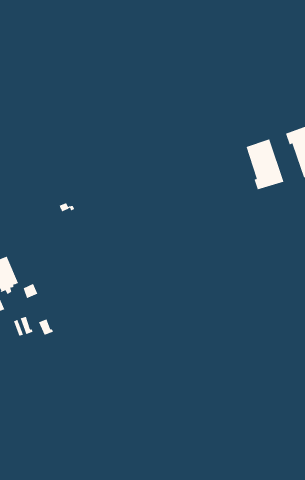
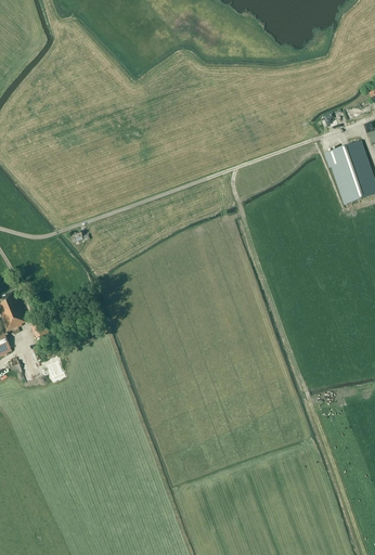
building: [246,139,284,190] -> none

